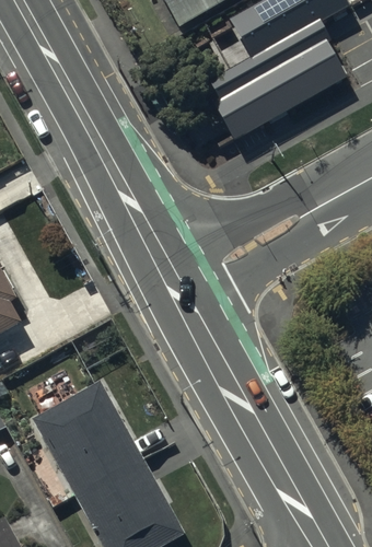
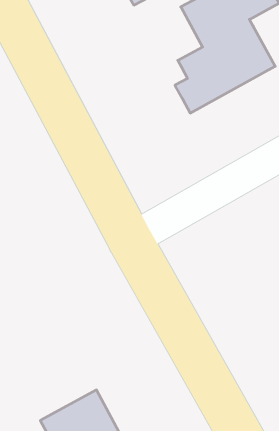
building: [32,380,138,490] -> none

